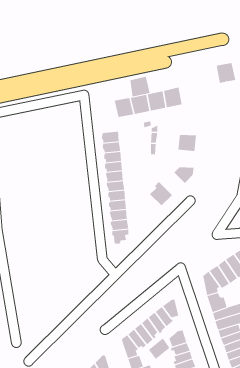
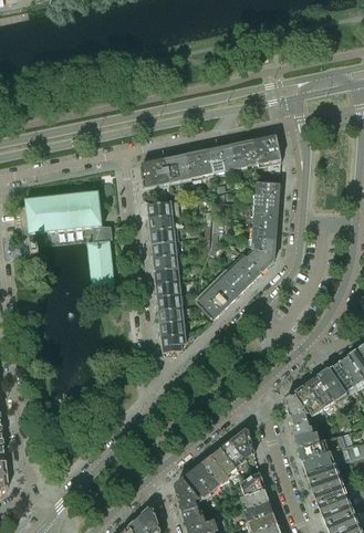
building: [216,62,236,83] -> [253,135,281,164]
building: [130,76,150,97] -> [141,158,169,187]
building: none -> [251,181,279,206]
building: none -> [19,190,115,292]
building: none -> [250,226,275,250]
building: none -> [226,254,261,288]
building: none -> [196,286,229,320]
building: [148,338,170,360] -> none

